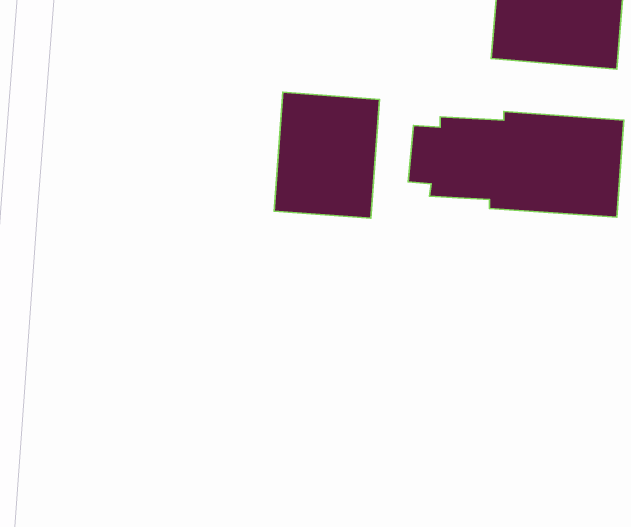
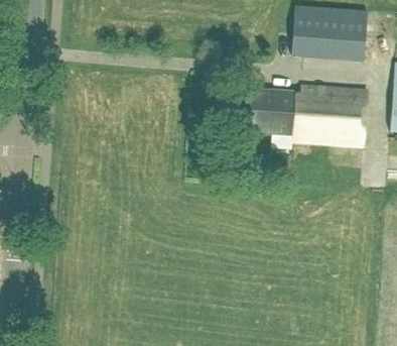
building: [274,92,380,218] -> none

